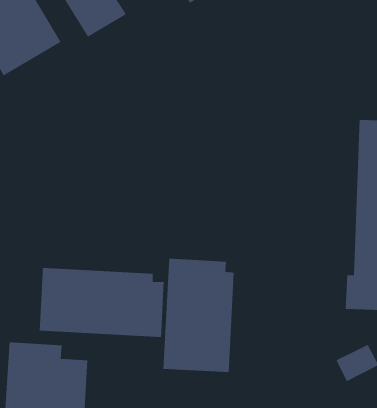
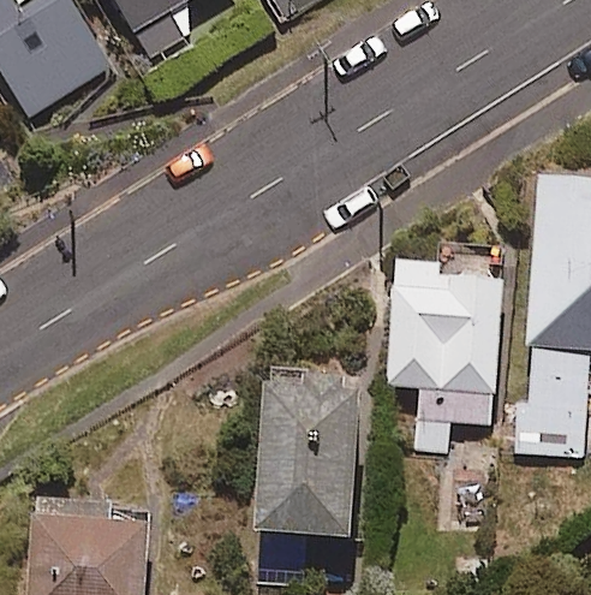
building: none -> [386,257,505,447]
building: [39,267,164,338] -> none

